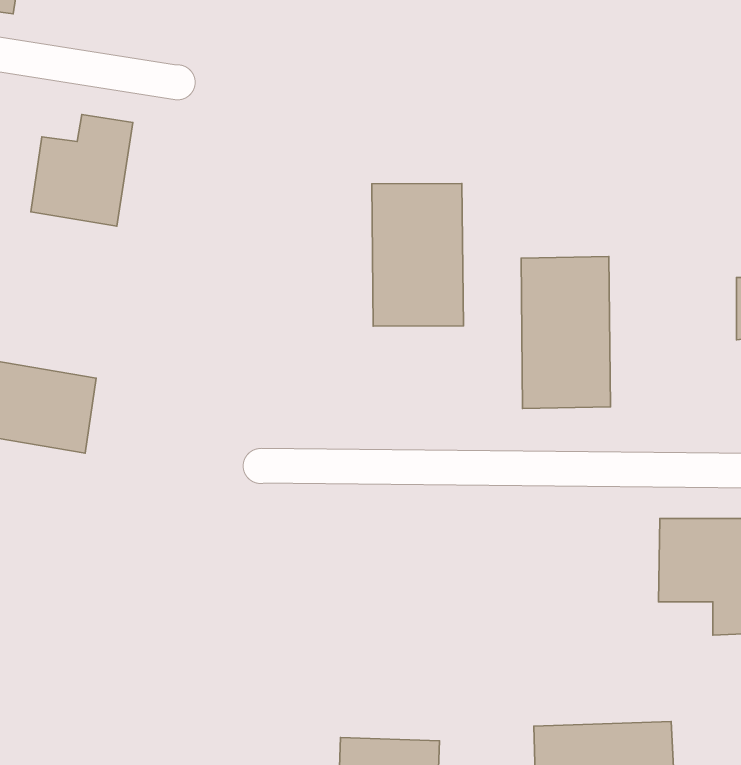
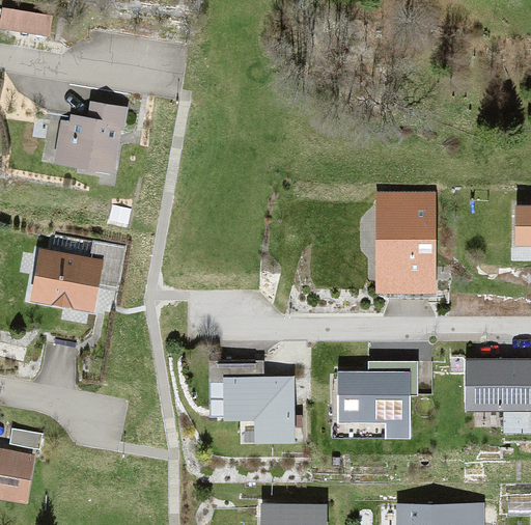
building: [372,183,463,326] -> none
building: none -> [338,358,436,436]
building: none -> [209,361,301,438]

